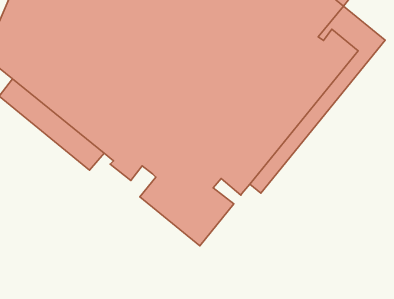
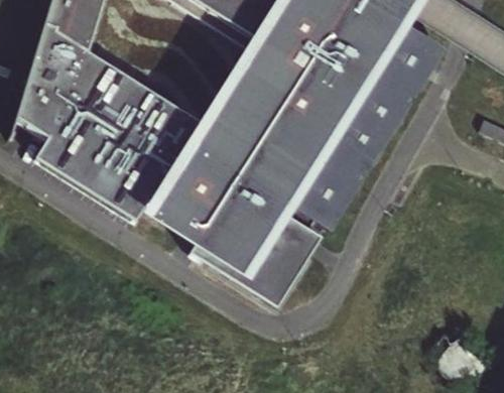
building: none -> [192,215,323,307]

